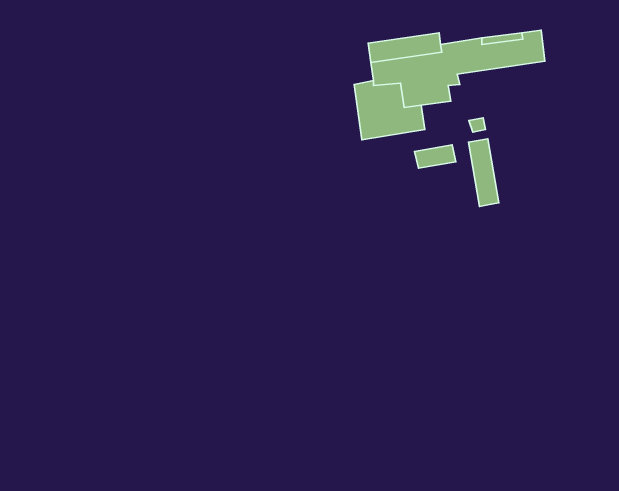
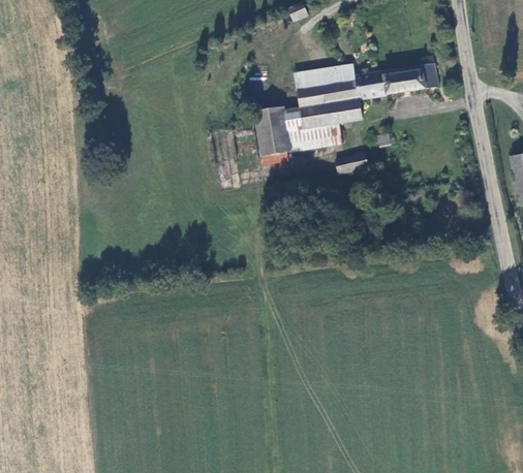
building: none -> [255,106,291,163]
building: [468,139,499,207] -> none

